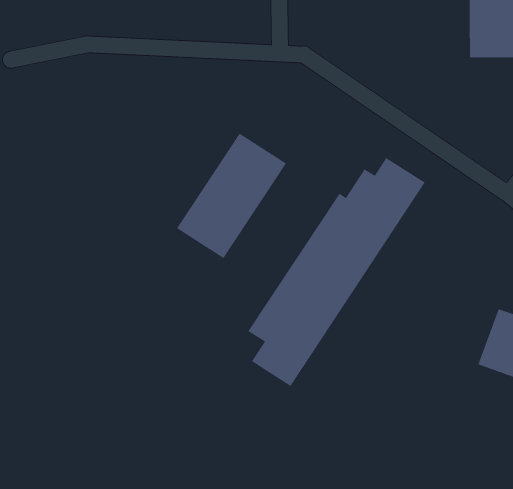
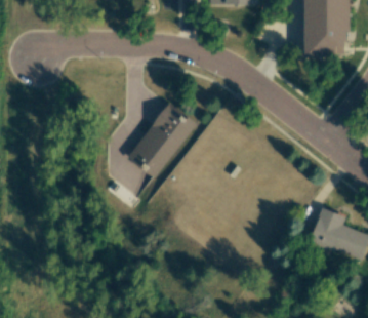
building: [248,157,425,387] -> none

